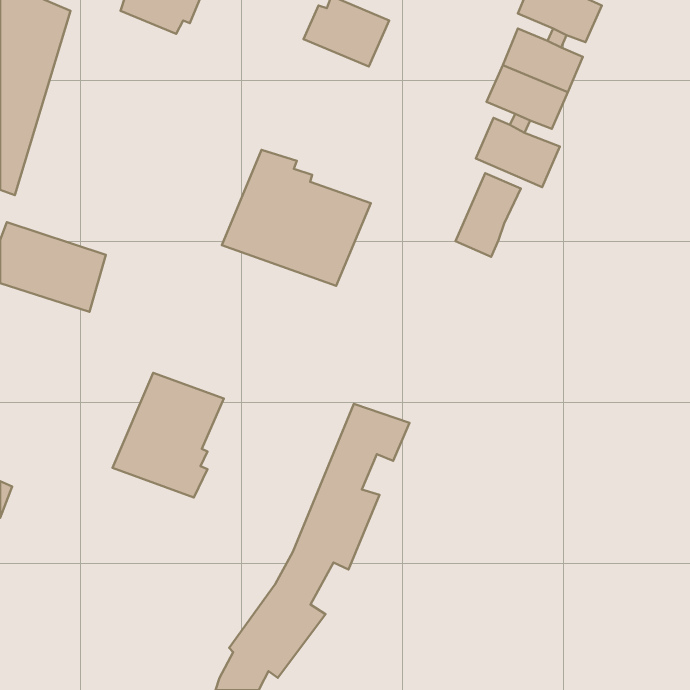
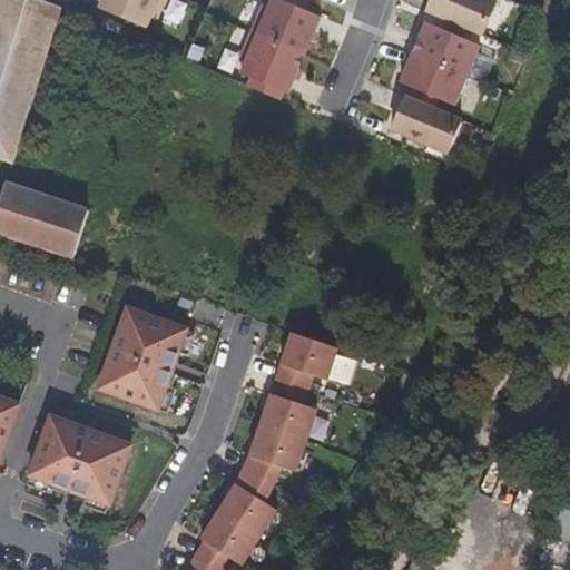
building: none -> [239,32,305,99]
building: [222,150,371,286] -> none
building: [455,173,521,257] -> none
building: none -> [19,412,124,499]

